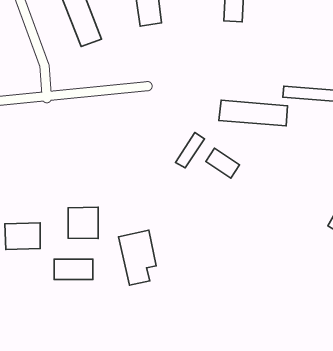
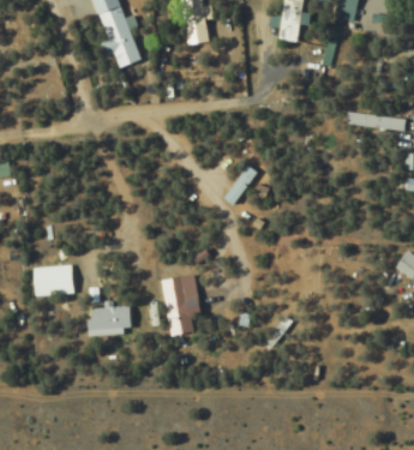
building: [219,100,287,126] -> none
building: [206,148,240,178] -> none
building: [68,207,98,238] -> none

